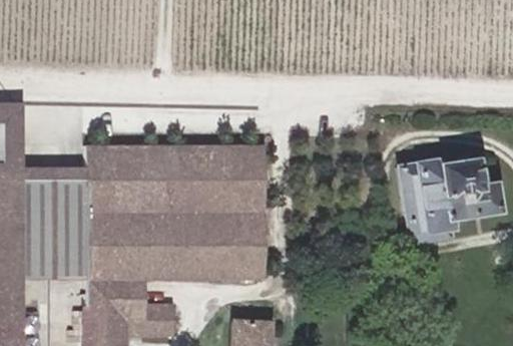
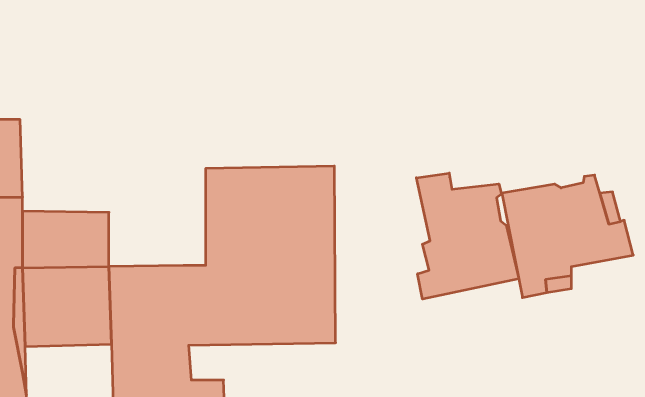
building: [87,142,162,219] -> none
building: none -> [416,173,519,299]

